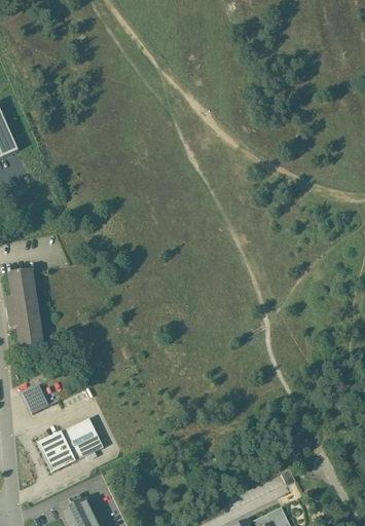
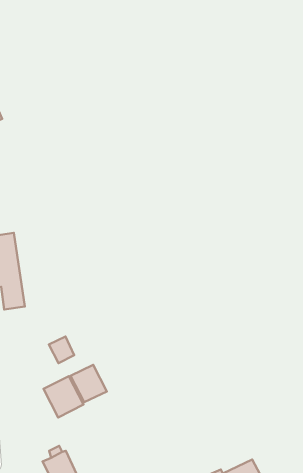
building: [21,383,47,411] -> [49,336,74,363]
building: [38,434,76,473] -> [71,365,107,402]

